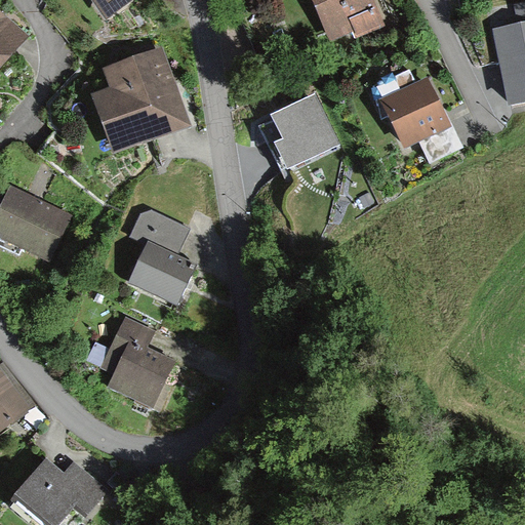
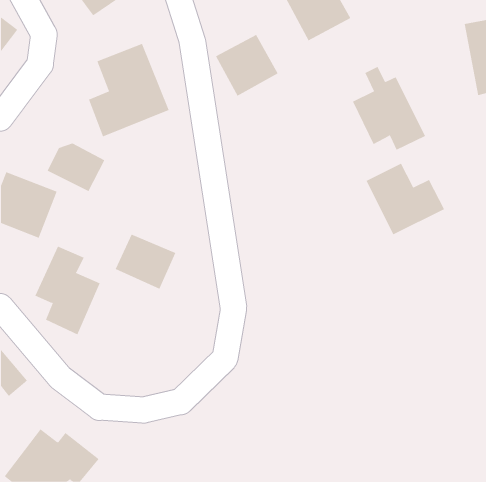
building: [266,102,333,168] -> [215,34,278,96]
building: none -> [366,163,445,235]
building: [128,205,191,257] -> [47,143,105,192]
building: [102,316,172,411] -> [35,246,101,335]

